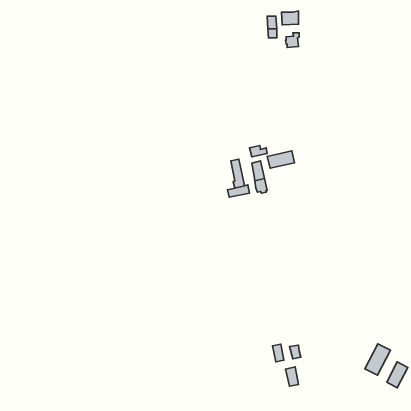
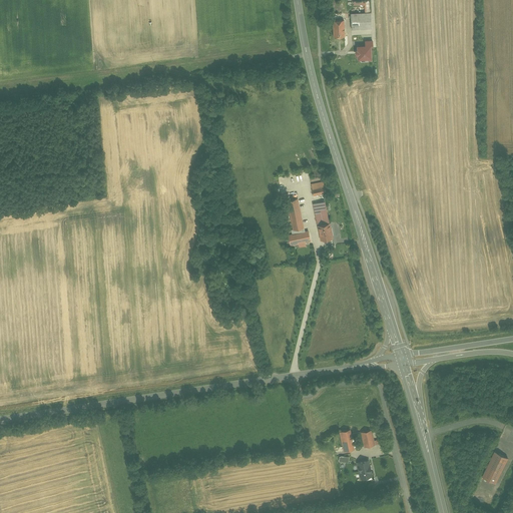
building: [267,151,295,168] -> none
building: [365,344,391,375] -> none

